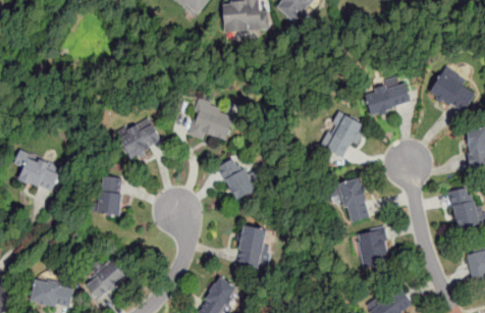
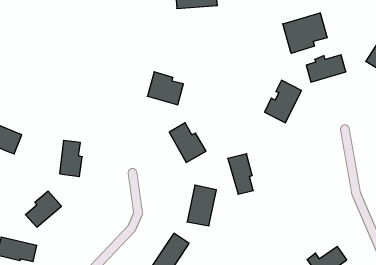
building: none -> [283,13,327,53]
building: [119,123,160,155] -> none
building: [340,177,368,221] -> [228,154,253,194]
building: [356,228,389,266] -> none
building: [87,259,125,298] -> [25,191,61,227]

